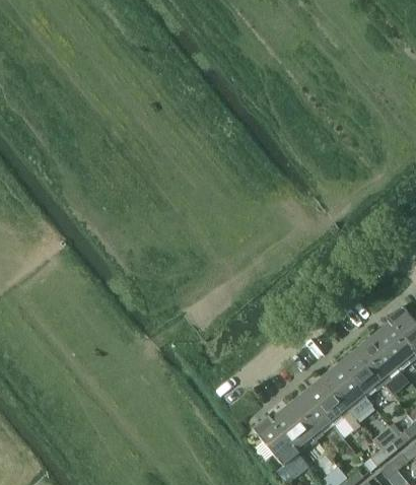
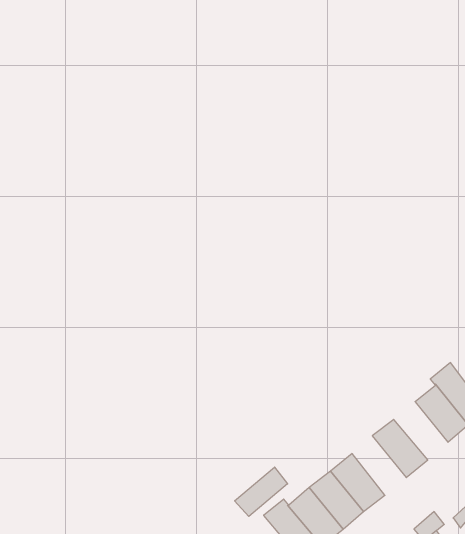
building: [356,336,400,383] -> none
building: [323,363,366,411] -> none
building: none -> [235,467,288,516]

